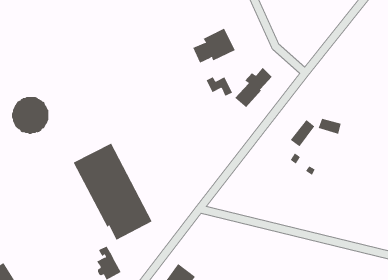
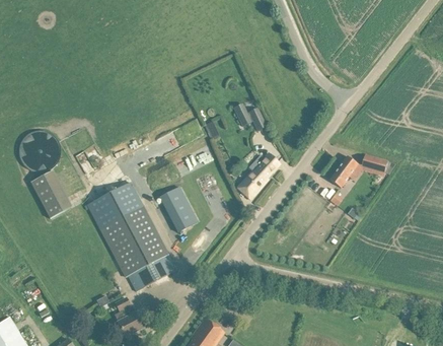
building: [192,28,235,63] -> none
building: [235,67,273,108] -> [236,152,279,198]
building: none -> [29,170,71,218]
building: none -> [159,186,197,231]

